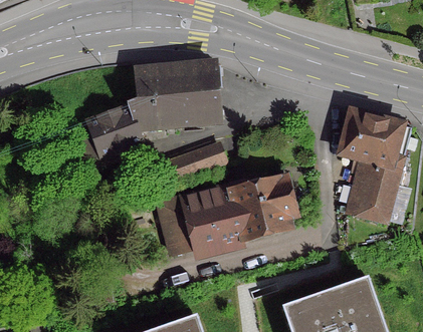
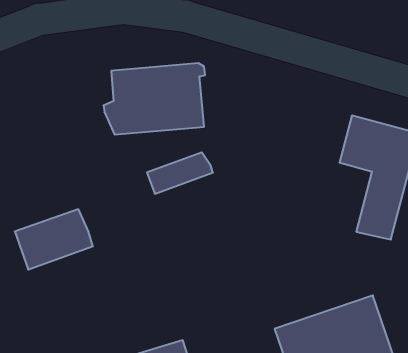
building: [70,108,141,162] -> [15,209,93,270]
building: [157,176,295,254] -> none

